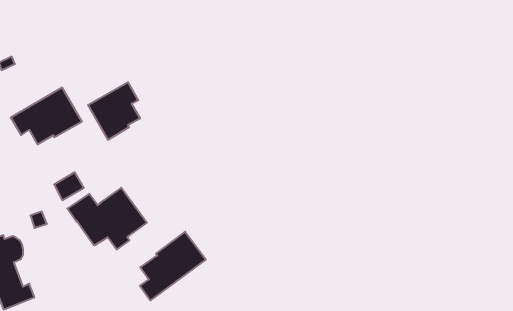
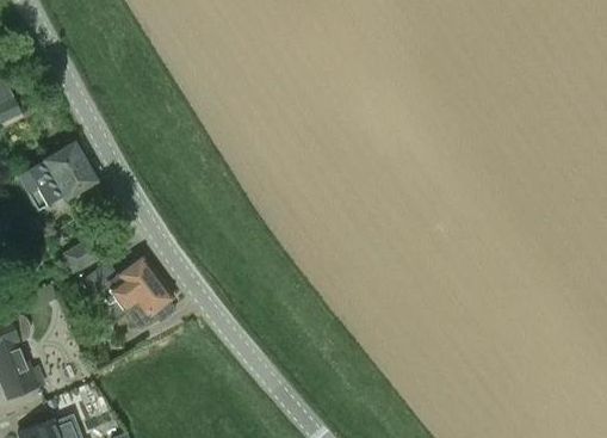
building: [88,82,140,140] -> none
building: [140,232,206,300] -> none

